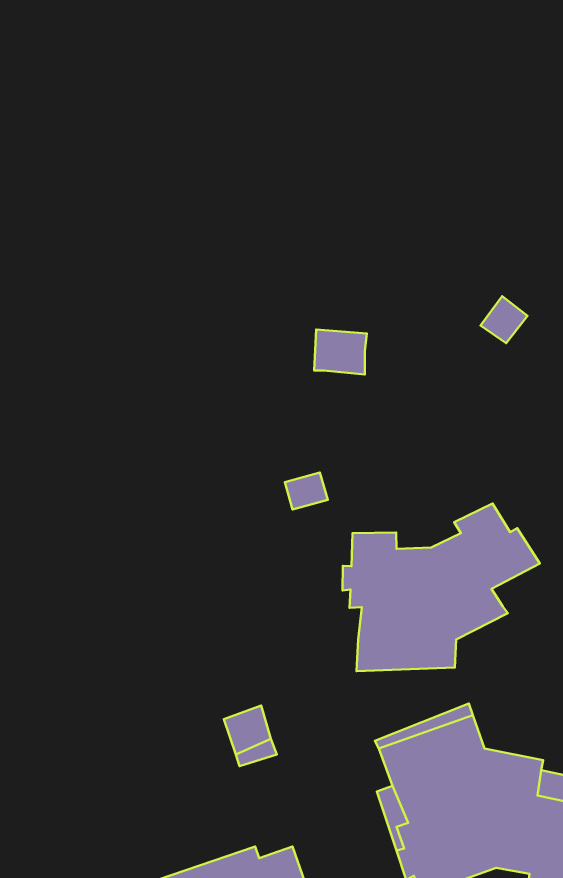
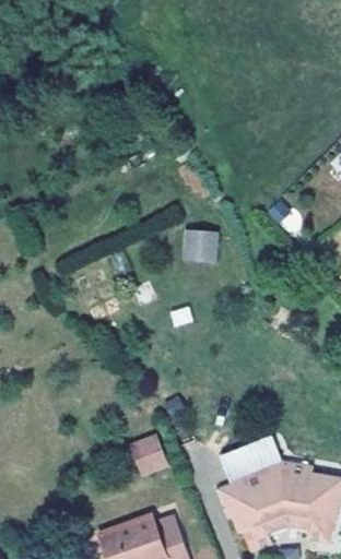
building: [343,503,540,671] -> none

